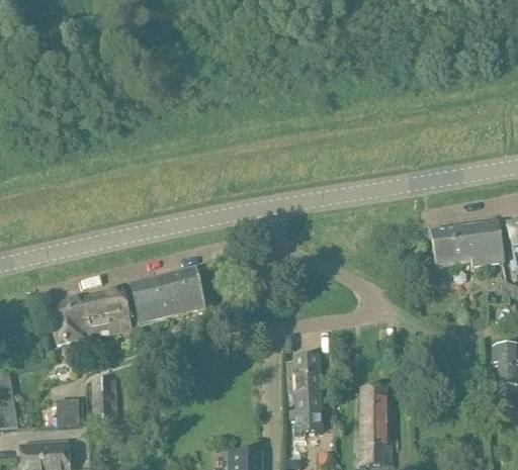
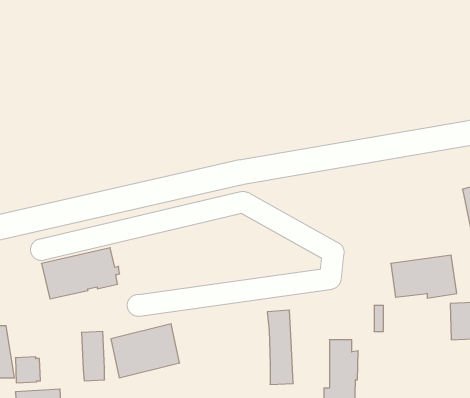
building: [431,221,503,268] -> [391,255,457,298]
building: [131,267,205,325] -> [111,324,180,378]
building: [56,398,83,427] -> [15,357,40,383]

